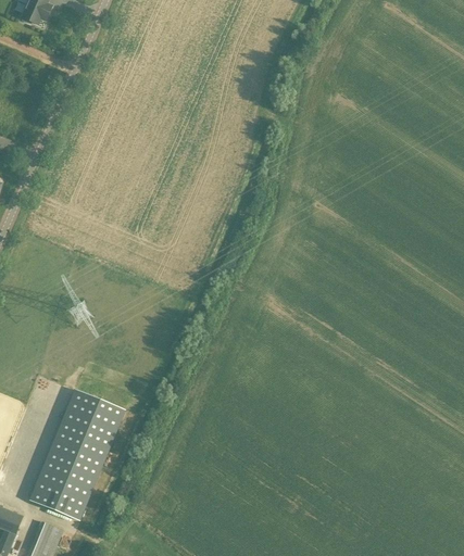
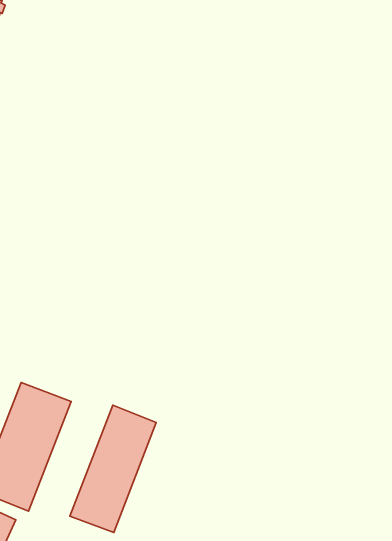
building: none -> [70,405,156,533]

